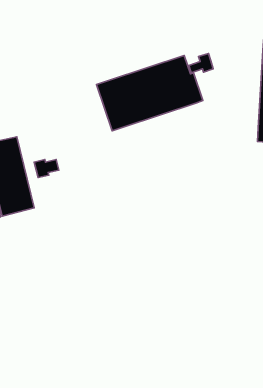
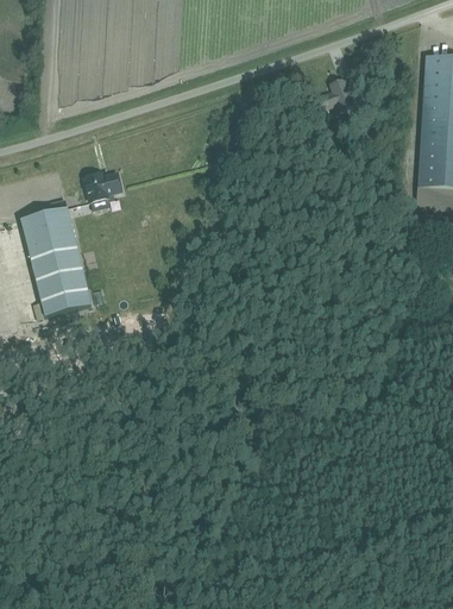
building: [96,55,203,131] -> none
building: [34,160,59,178] -> [86,172,121,199]

